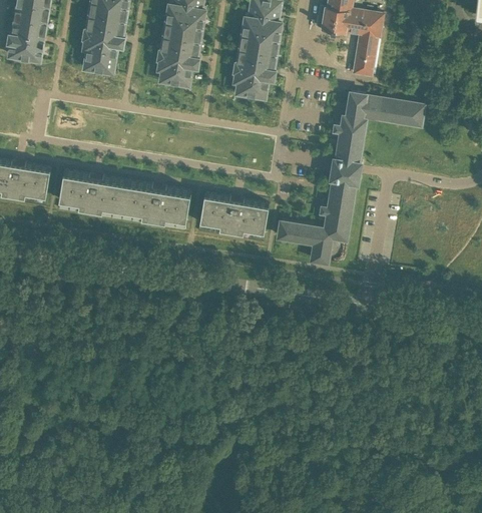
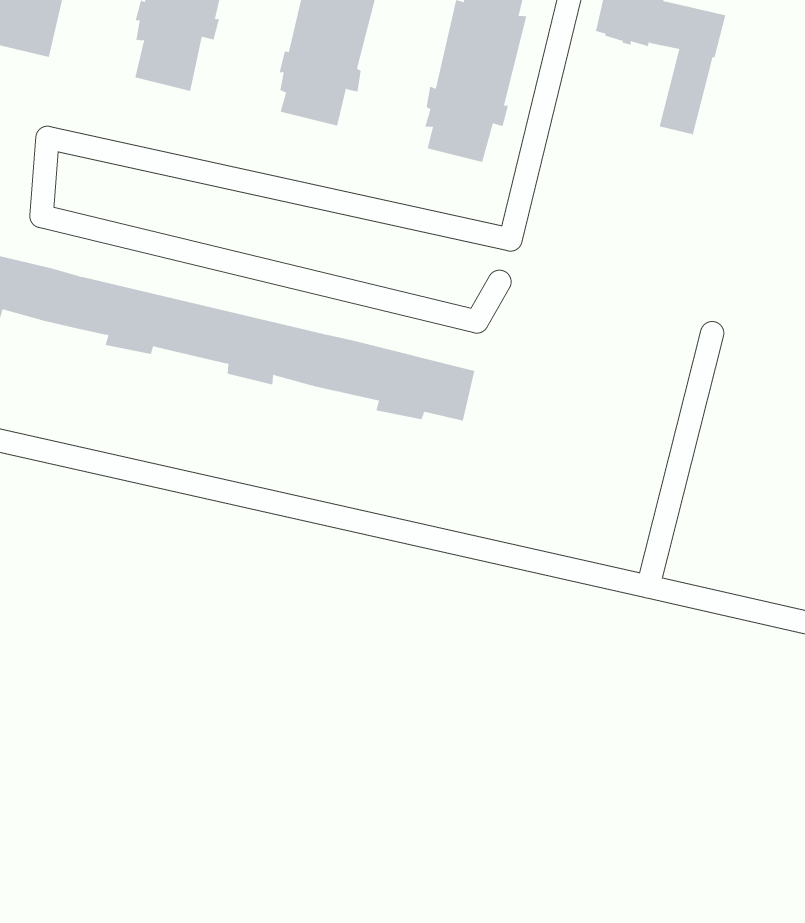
building: [277,90,423,266] -> none

